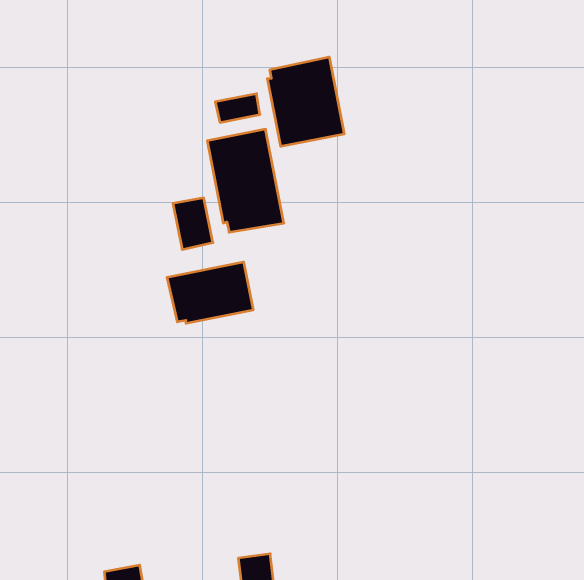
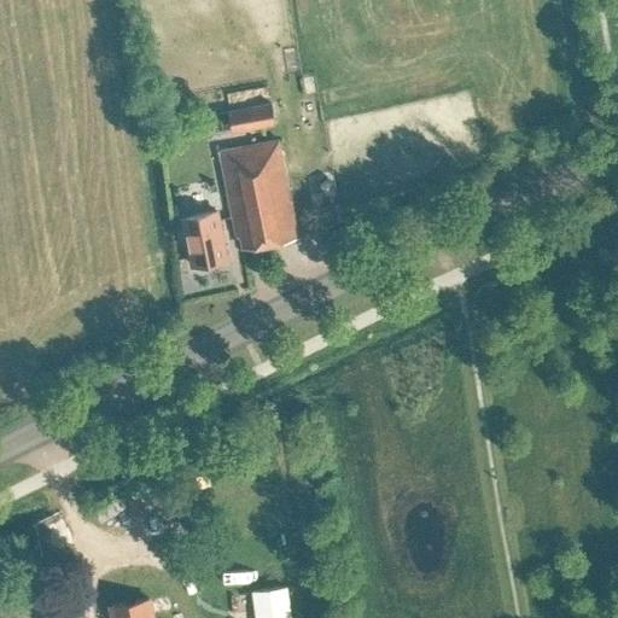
building: [267,57,344,146] -> none
building: [167,262,253,323] -> none

